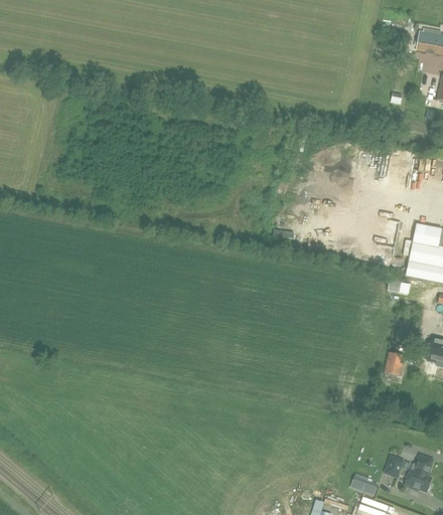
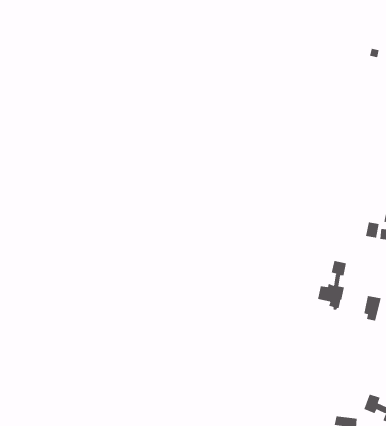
building: none -> [318,260,346,311]

